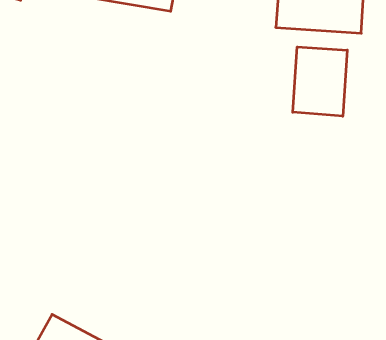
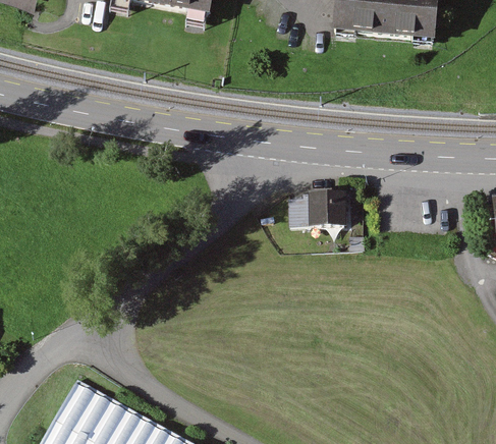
building: [293,47,347,116] -> none
building: none -> [284,190,346,228]

